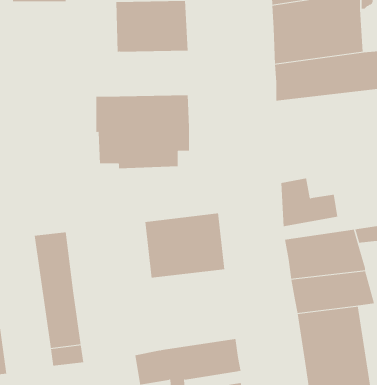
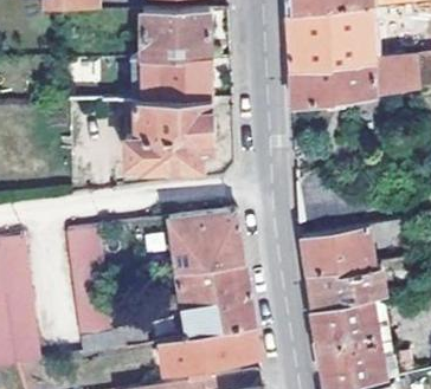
building: none -> [146,58,211,101]
building: none -> [175,264,256,339]

